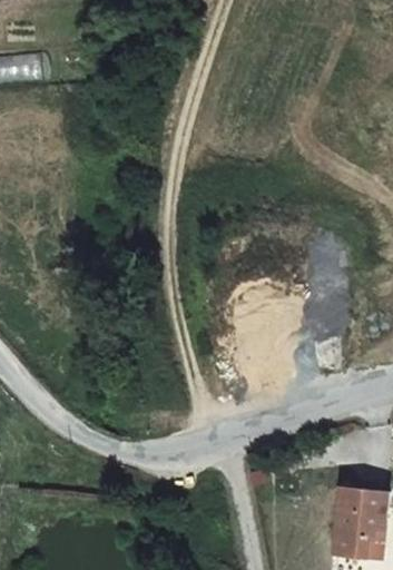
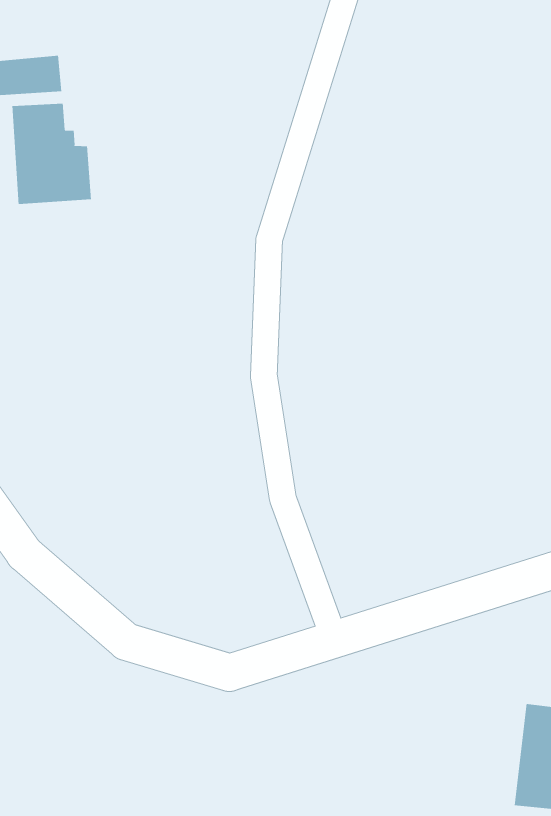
building: none -> [12,103,91,205]

